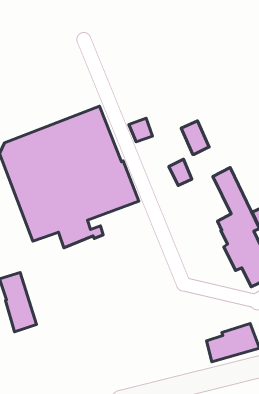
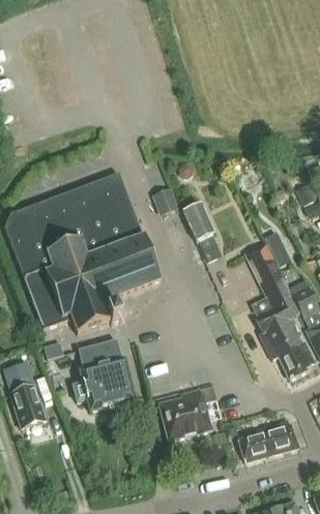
building: [181,121,209,155] -> [182,203,214,241]
building: none -> [74,339,137,411]
building: none -> [159,385,216,440]

